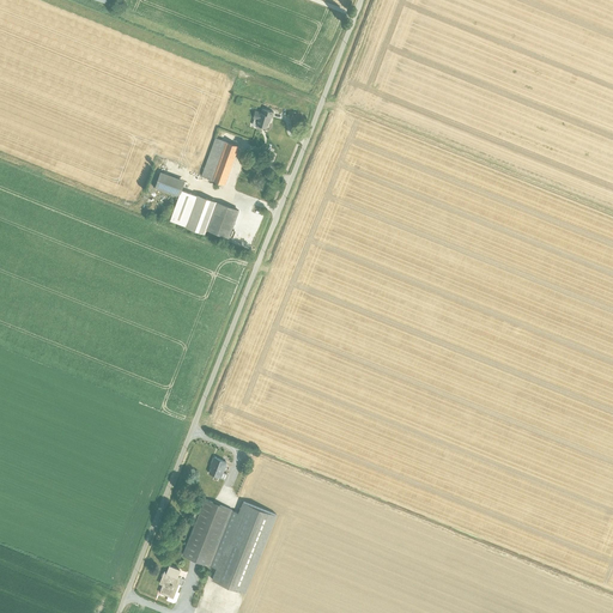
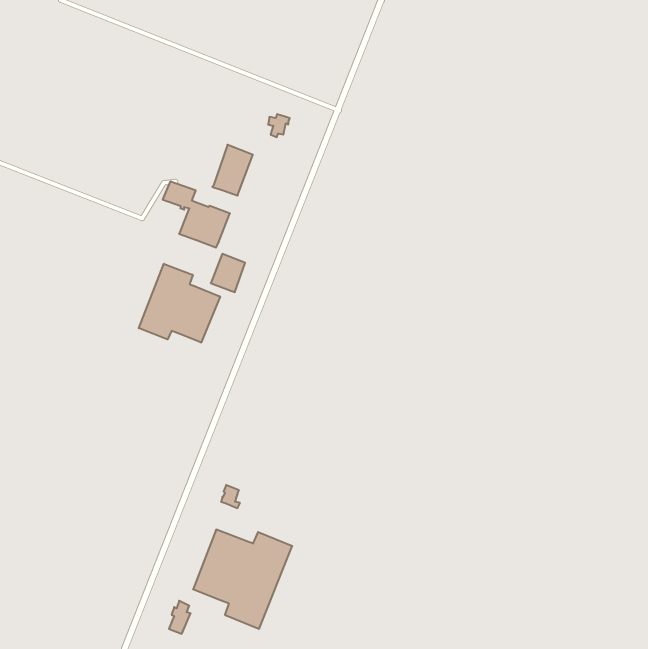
building: [206,201,238,237] -> [211,254,245,292]
building: none -> [139,264,220,343]

